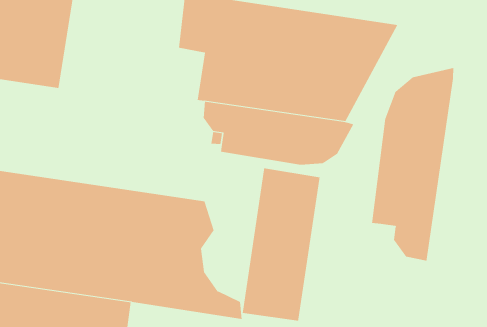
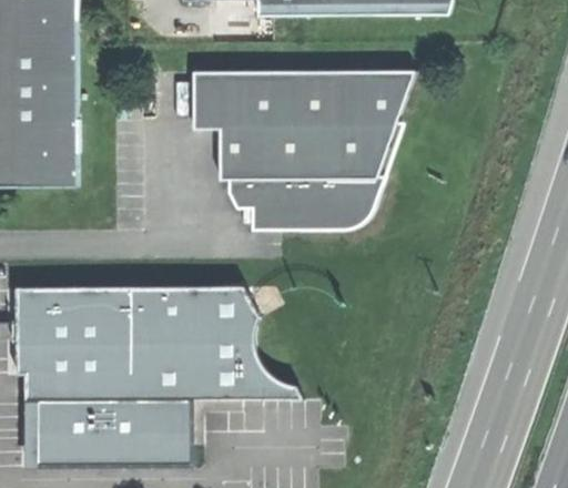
building: [372,67,454,261] -> none
building: [242,168,320,321] -> none

